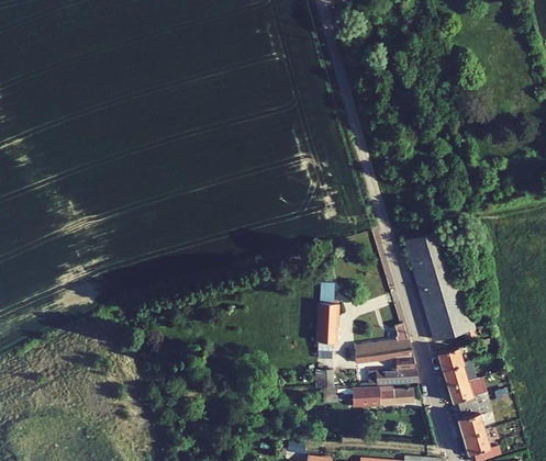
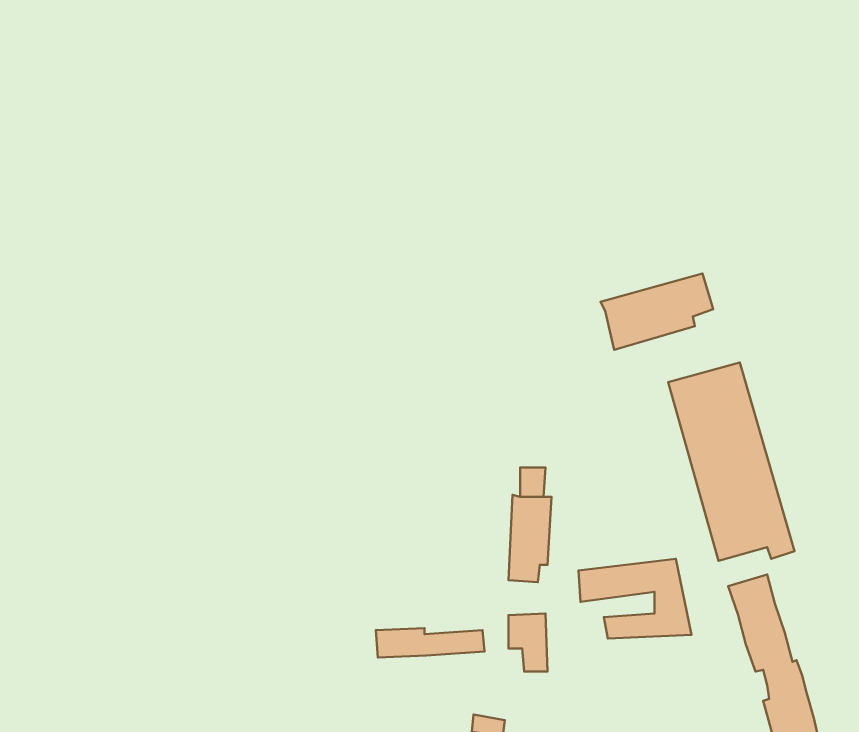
building: none -> [600,273,713,350]
building: [352,389,413,405] -> [376,628,485,657]

